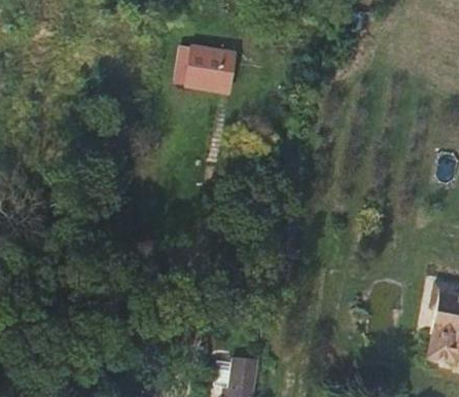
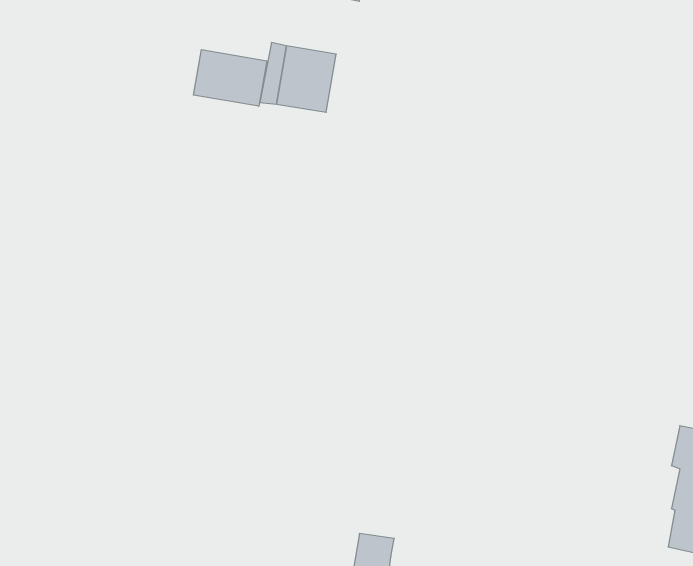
building: none -> [193,50,267,106]

